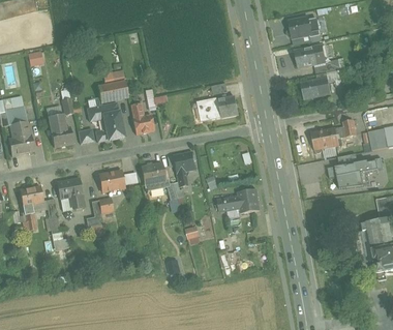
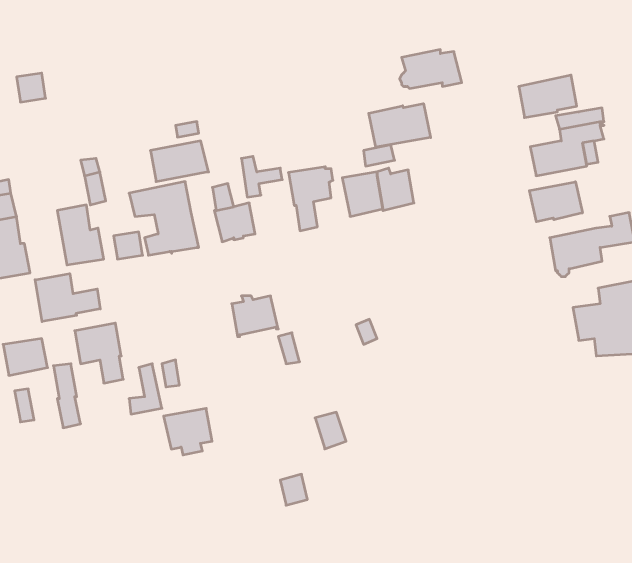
building: [286,17,320,37] -> [400,50,462,88]
building: none -> [369,104,431,147]
building: none -> [529,182,582,222]
building: none -> [35,274,100,322]
building: [172,152,195,186] -> [288,167,333,231]
building: [98,170,124,194] -> [164,408,212,455]
building: [217,188,260,212] -> none

